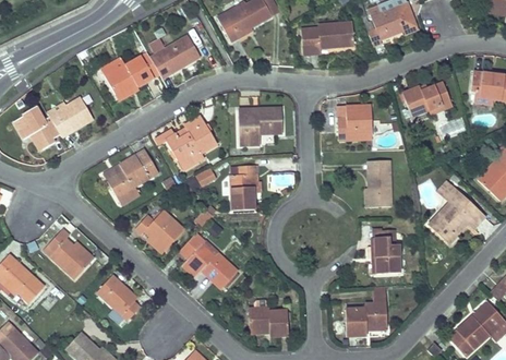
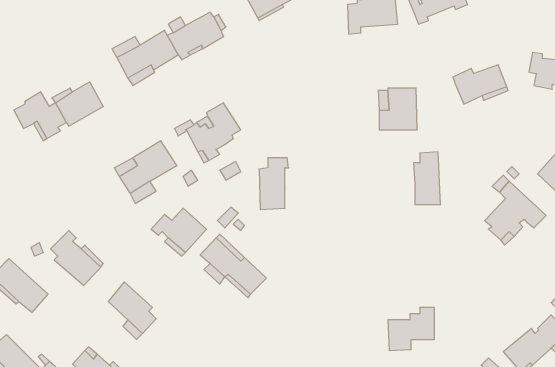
building: [239,108,282,144] -> none
building: [372,236,401,274] -> none
building: [249,307,289,336] -> none

